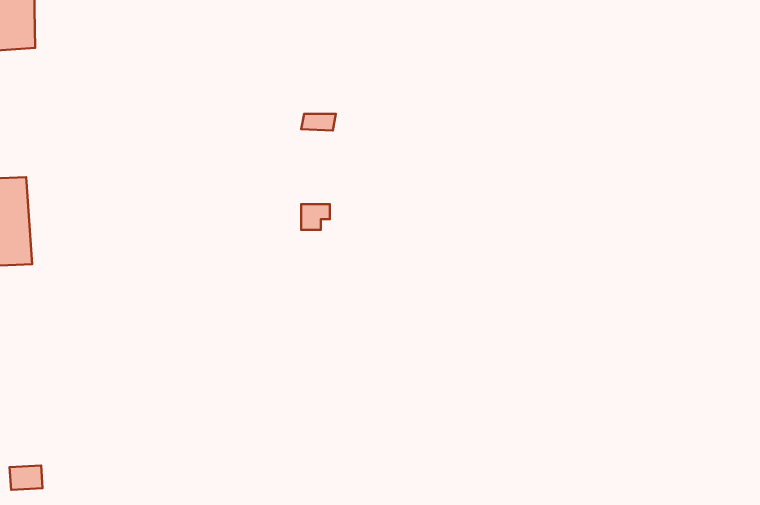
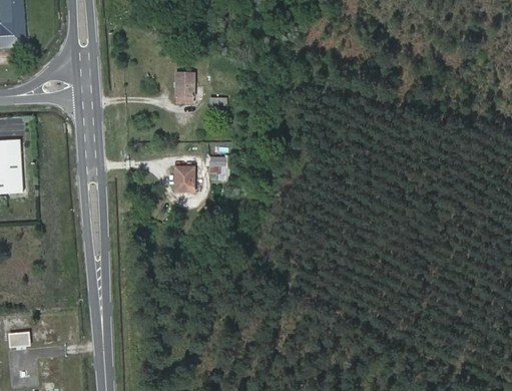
building: none -> [172,72,189,95]
building: none -> [171,165,191,188]

